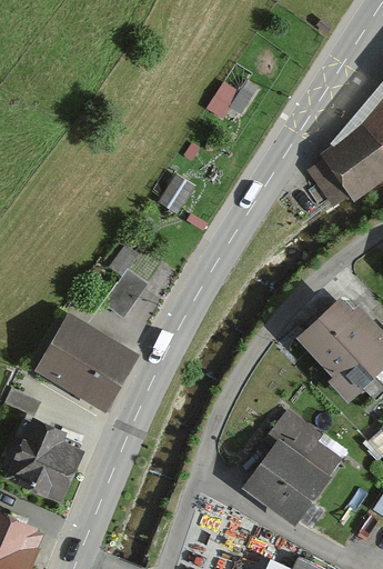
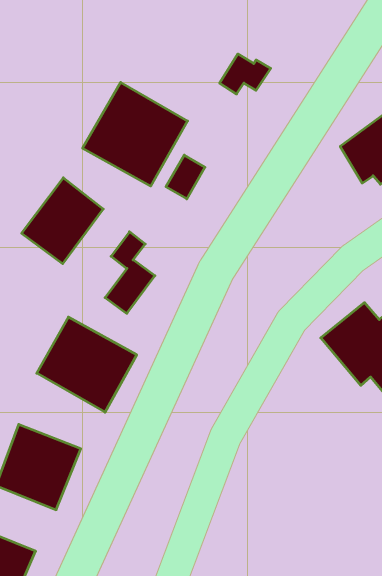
building: none -> [83,82,188,186]
building: none -> [22,178,103,264]
building: [244,406,344,520] -> none

